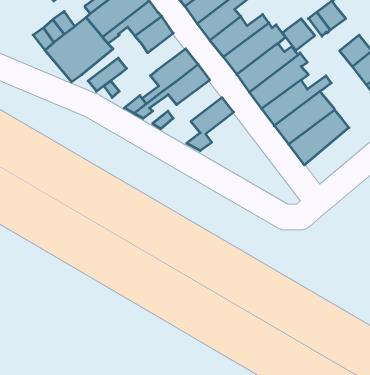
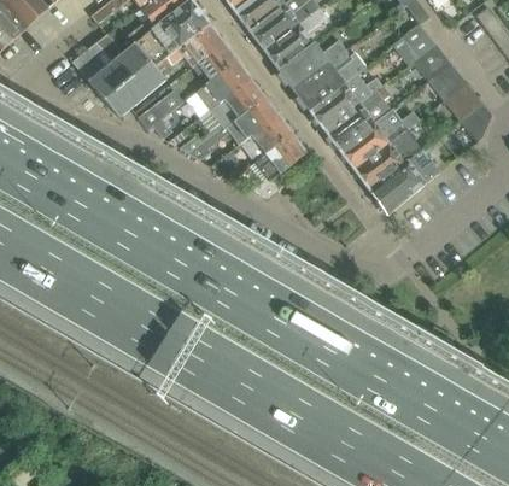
building: [283,19,315,51] -> [414,43,451,81]
building: none -> [186,60,250,117]
building: none -> [240,115,292,163]

